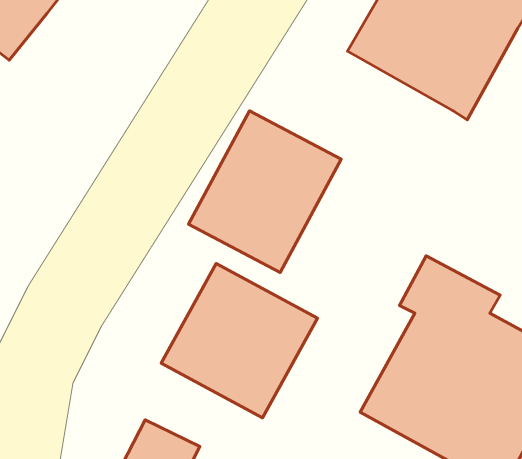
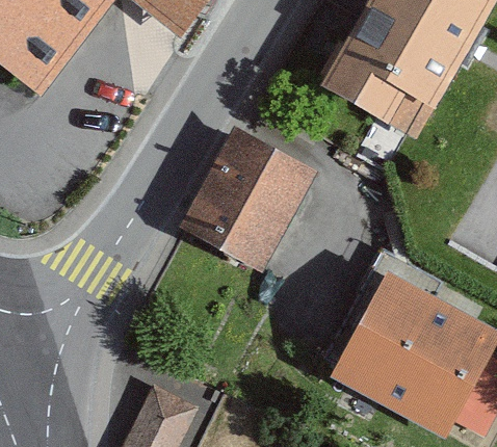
building: [161,264,317,418] -> none

